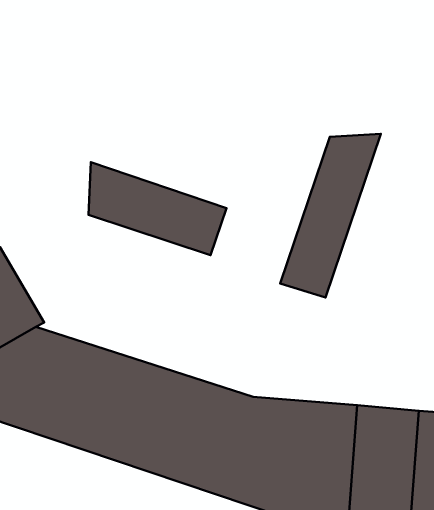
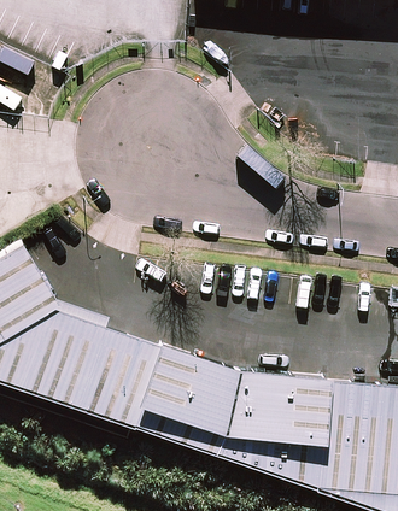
building: [280,134,381,297] -> none
building: [88,162,226,255] -> none

